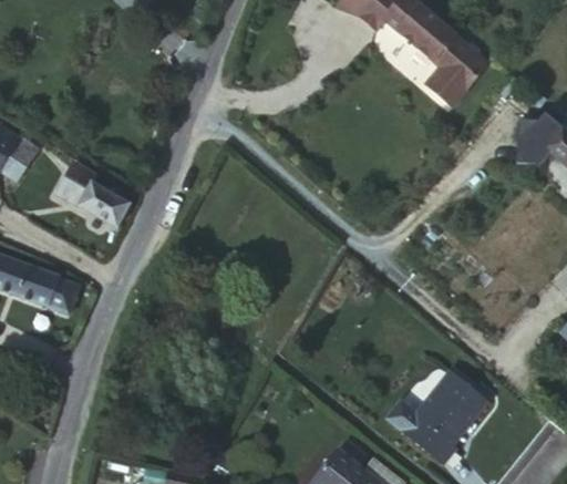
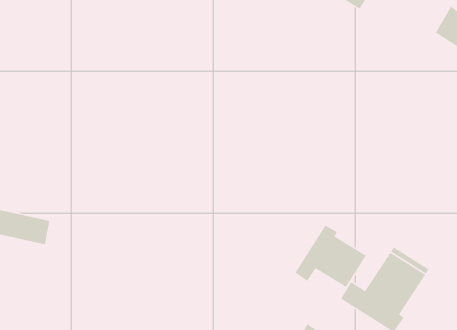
building: [55,164,128,228] -> none
building: none -> [294,225,367,288]

